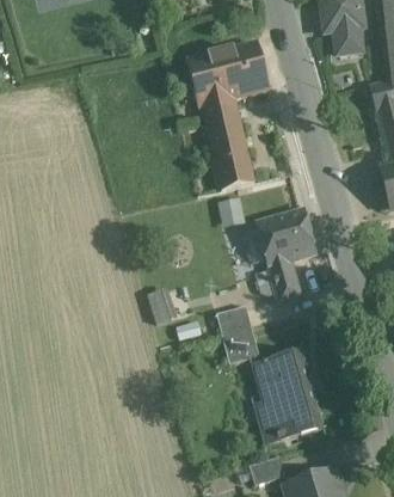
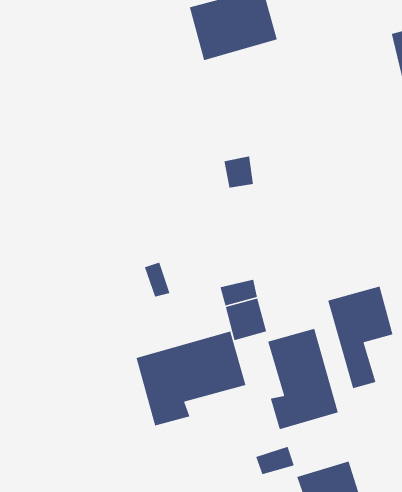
building: [203,99,254,189] -> none
building: [256,208,315,301] -> [327,286,394,389]
building: none -> [135,331,247,426]

